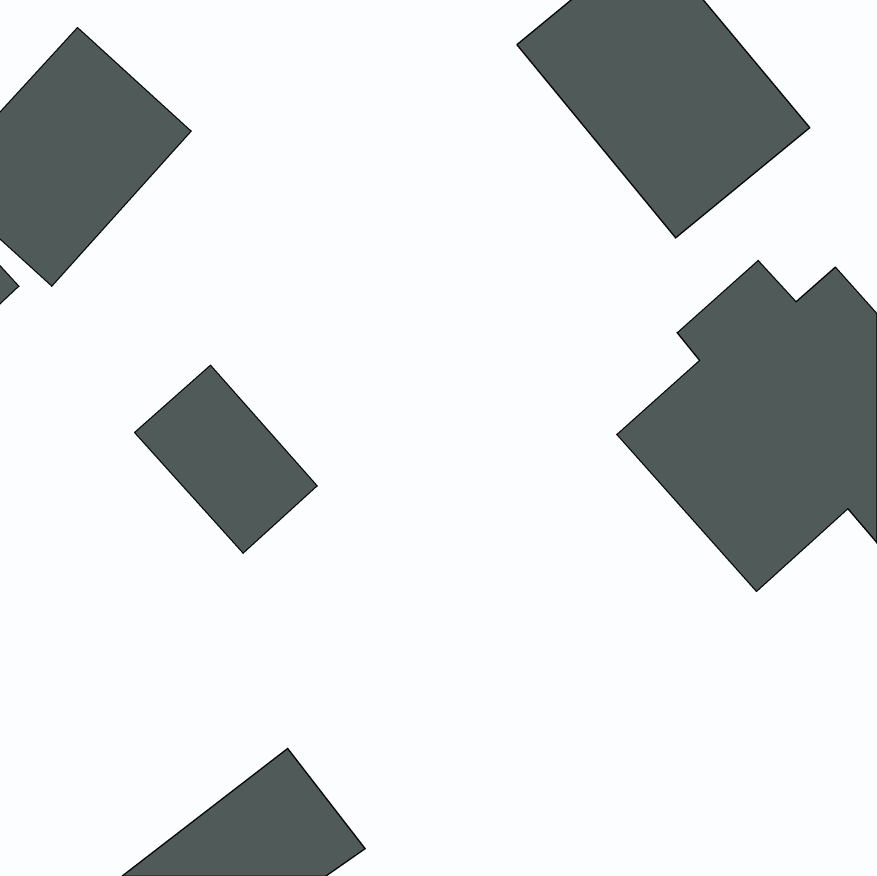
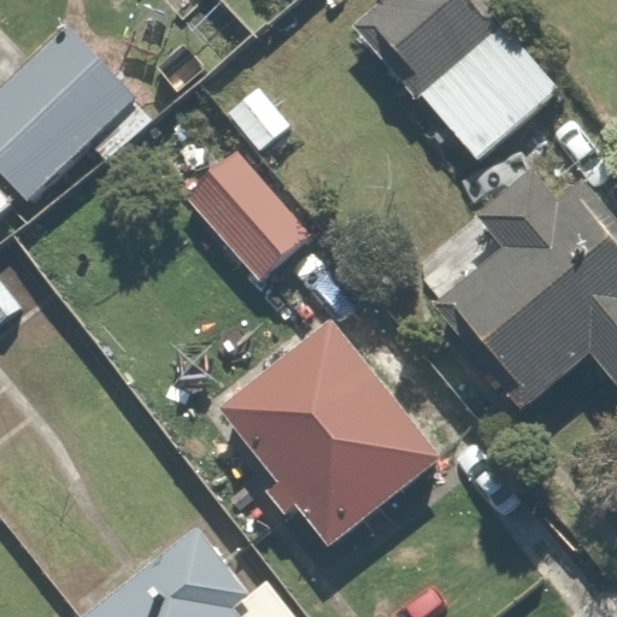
building: [135,365,317,553] -> [180,147,307,278]
building: none -> [222,318,451,548]

